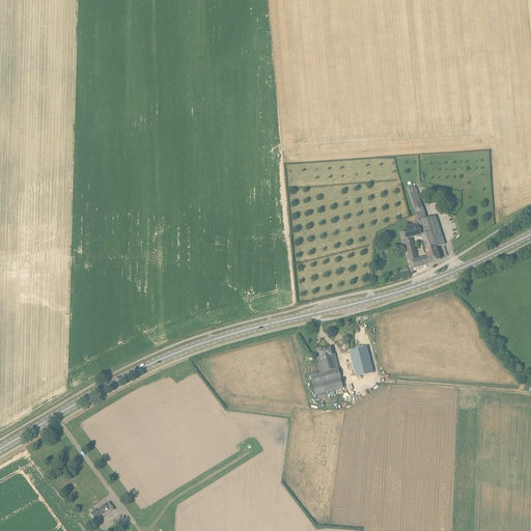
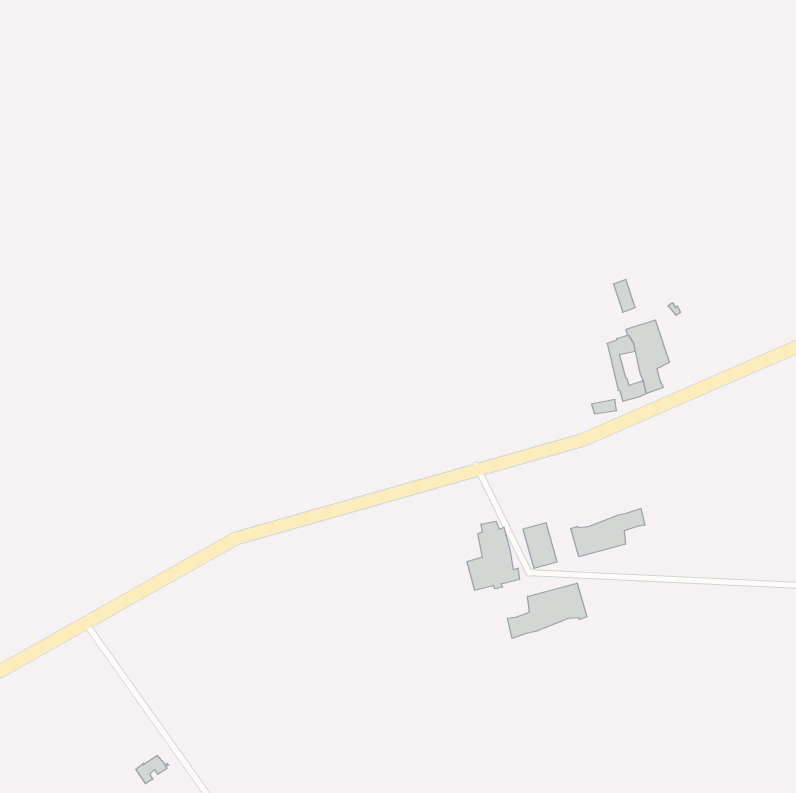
building: none -> [571,508,645,557]
building: none -> [507,583,587,638]

